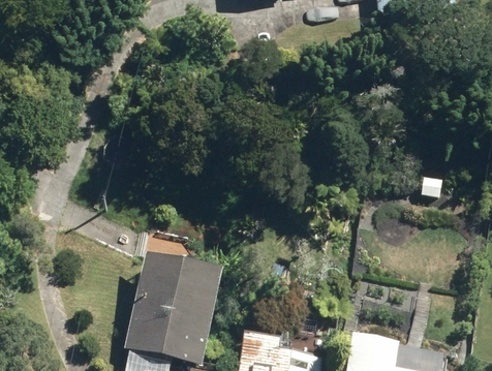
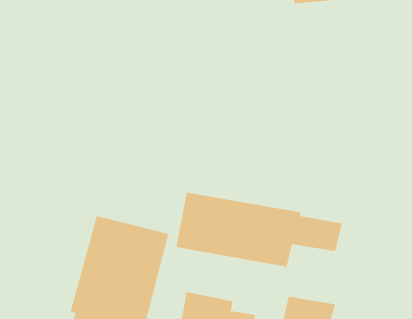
building: none -> [176,192,343,268]

